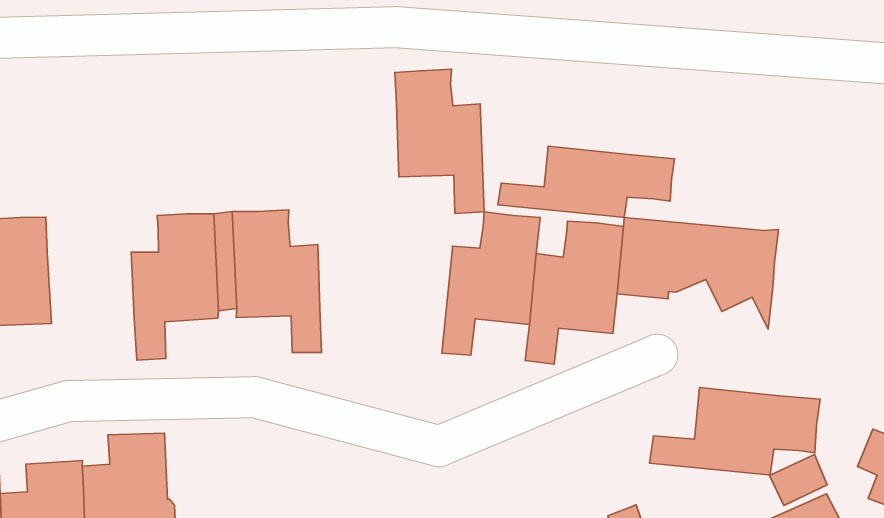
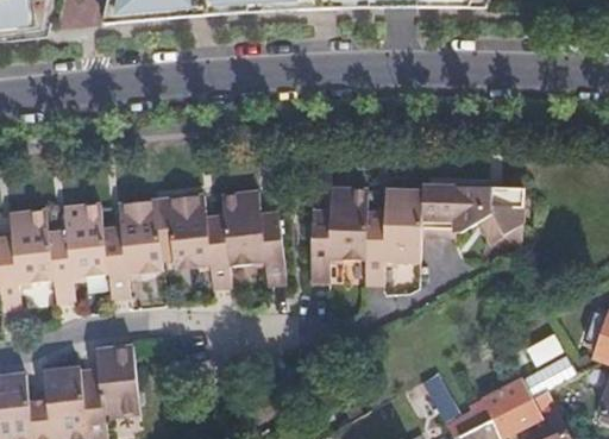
building: [395,69,484,214] -> [221,189,285,283]
building: [498,146,675,218] -> none
building: none -> [48,202,107,301]
building: [650,387,820,475] -> none

